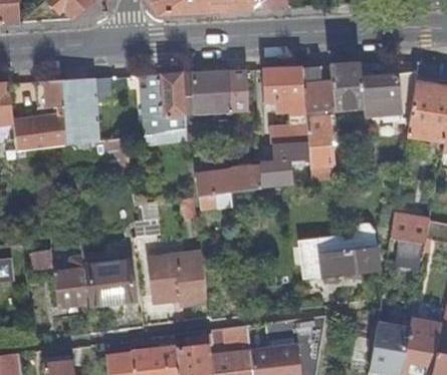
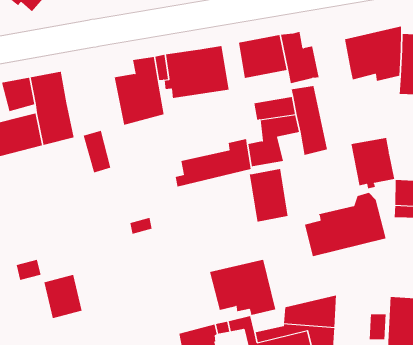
building: [328,63,363,110] -> none
building: none -> [351,137,395,189]
building: none -> [249,168,288,222]
building: [148,253,206,304] -> [209,259,276,315]
building: [86,261,135,305] -> none

